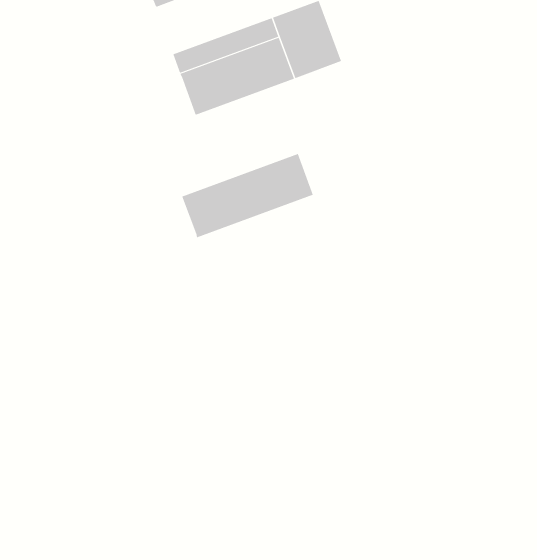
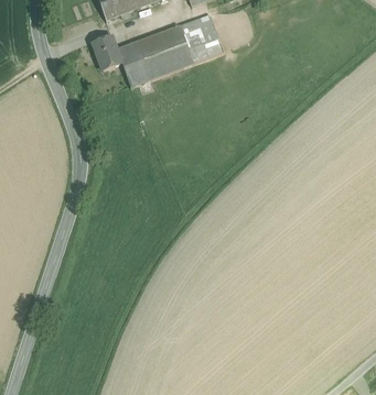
building: none -> [93,35,122,69]
building: [182,153,313,238] -> none

